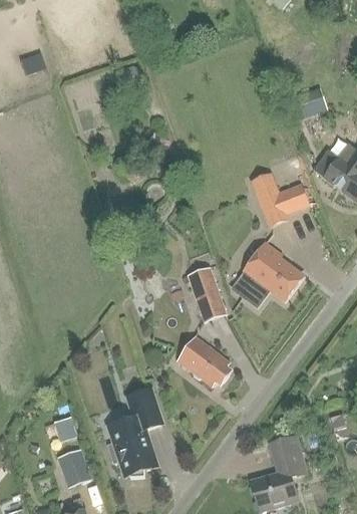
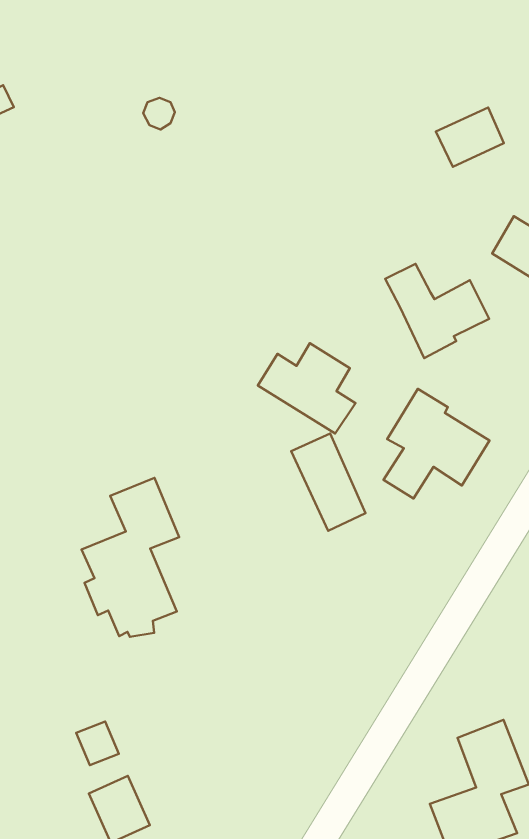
building: none -> [258,343,355,433]
building: [178,335,233,387] -> none
building: [107,389,163,478] -> [81,478,179,637]

